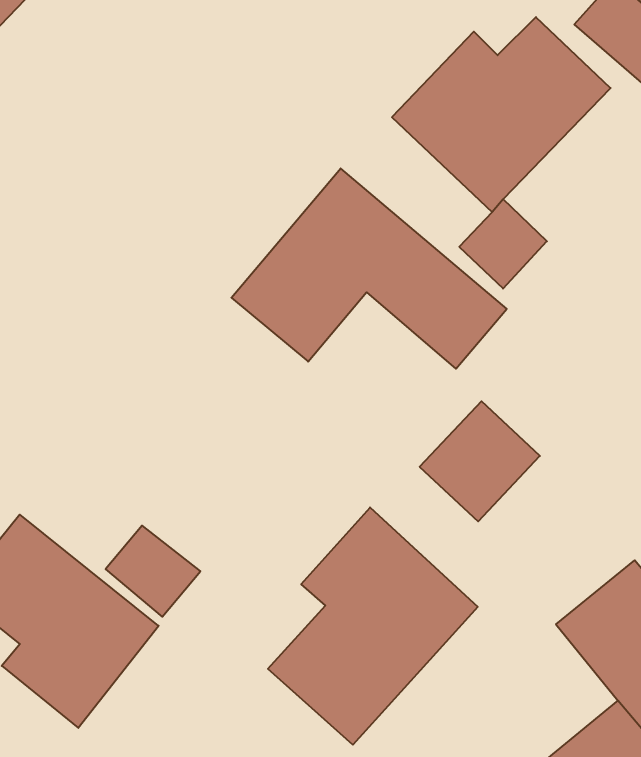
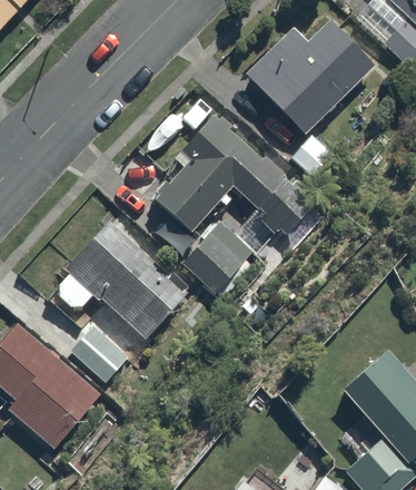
building: none -> [57,217,192,340]
building: [420,401,540,521] -> [180,222,254,295]
building: [268,507,478,745] -> none

